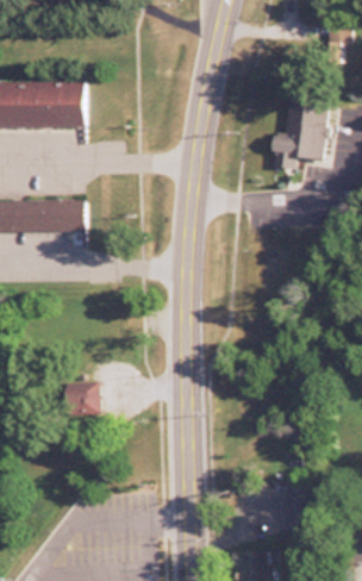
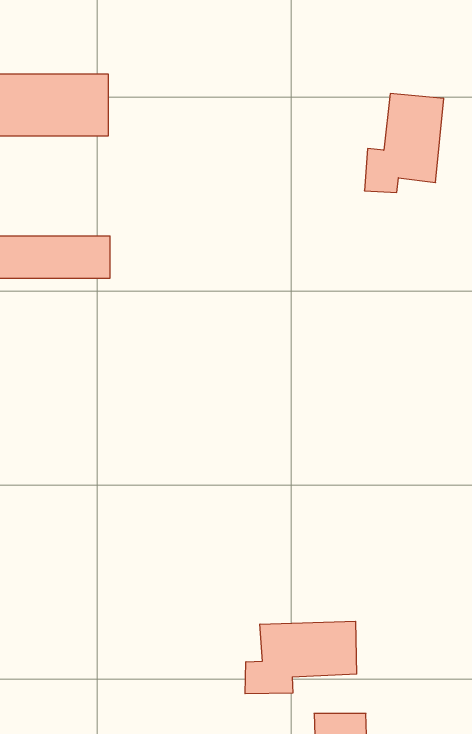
building: [64,383,100,412] -> none
building: none -> [245,621,357,694]

